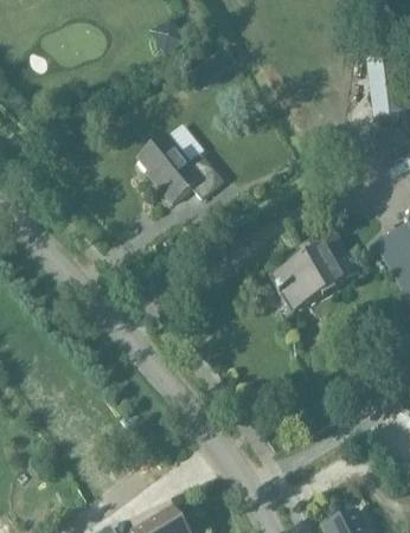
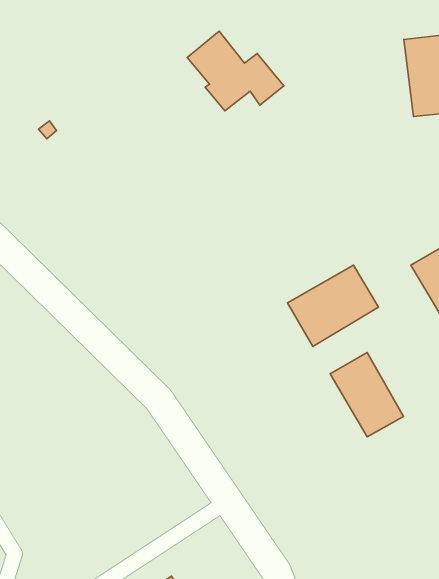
building: [140,134,222,201] -> [187,31,284,111]
building: none -> [330,352,404,437]

